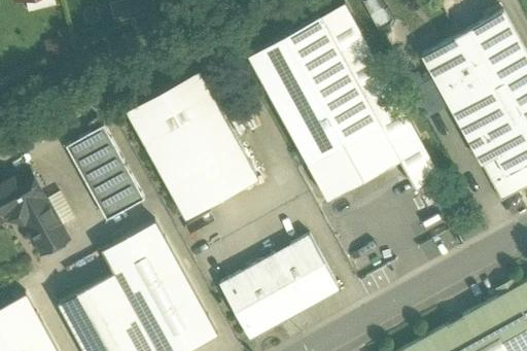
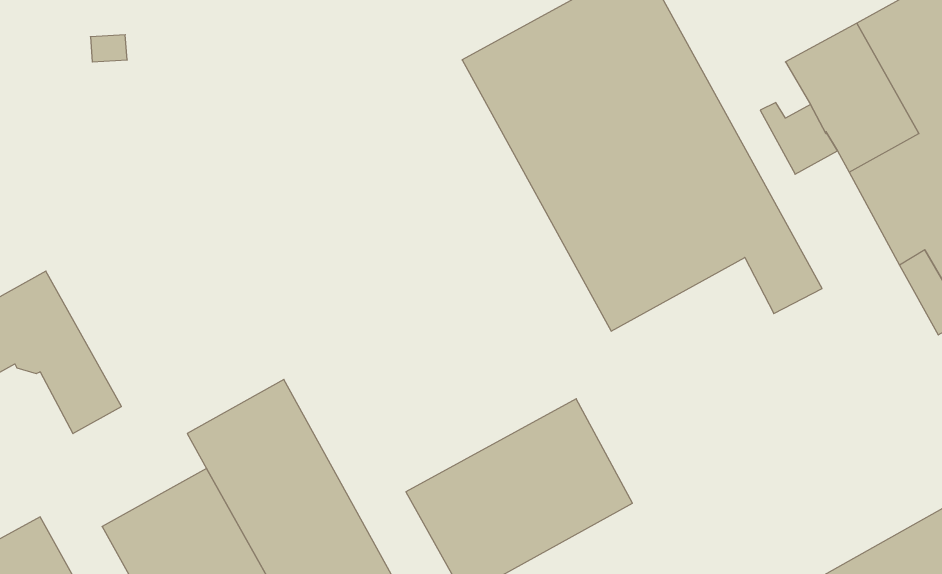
building: [127,71,258,219] -> none
building: [66,127,144,221] -> none

